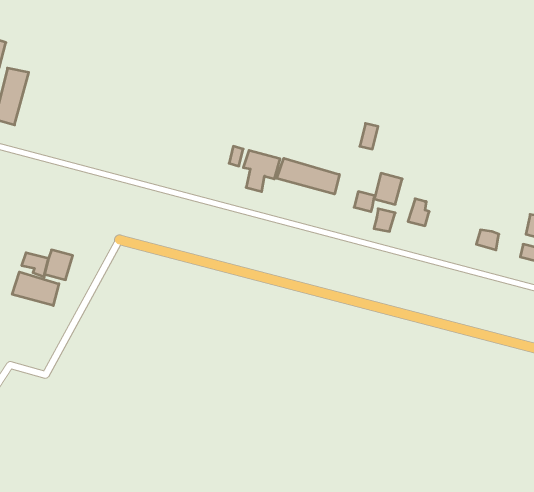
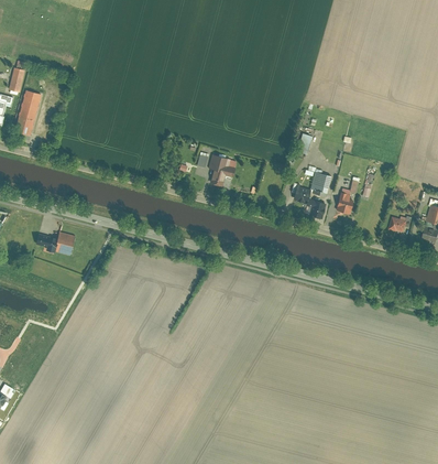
building: [277,158,339,194] -> none
building: [12,272,59,306] -> none

